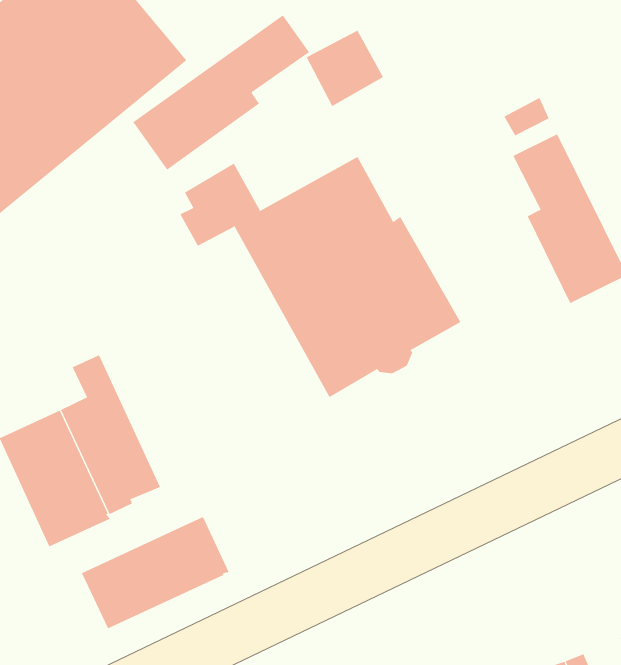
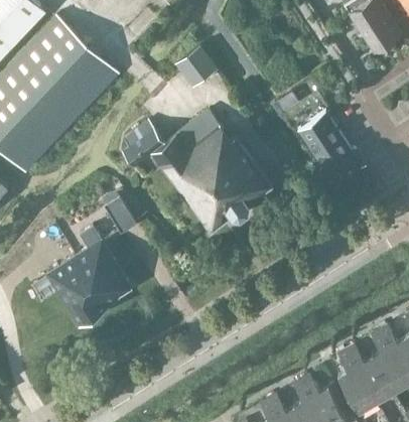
building: [132,14,310,171] -> none
building: none -> [103,196,136,234]
building: [81,516,230,629] -> none

